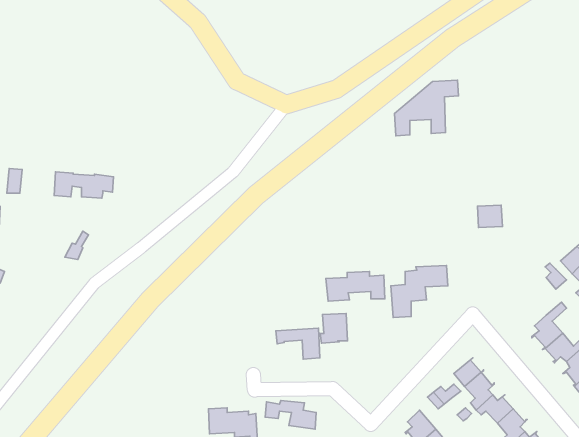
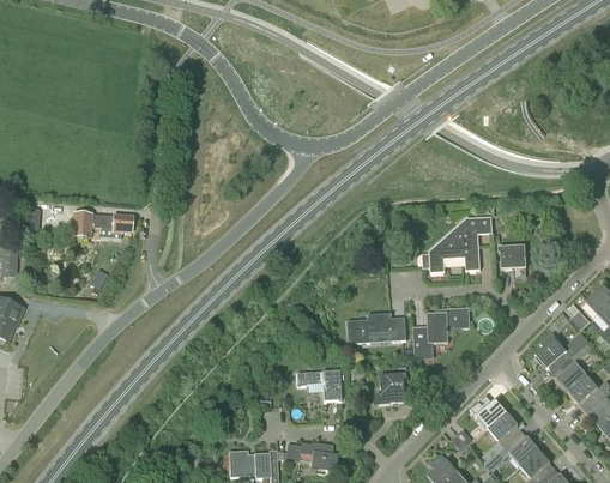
building: [395,80,459,136] -> [428,216,493,272]
building: none -> [534,337,569,367]
building: [320,313,347,343] -> [378,373,405,403]

